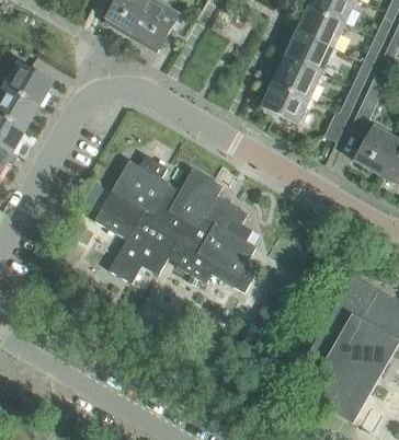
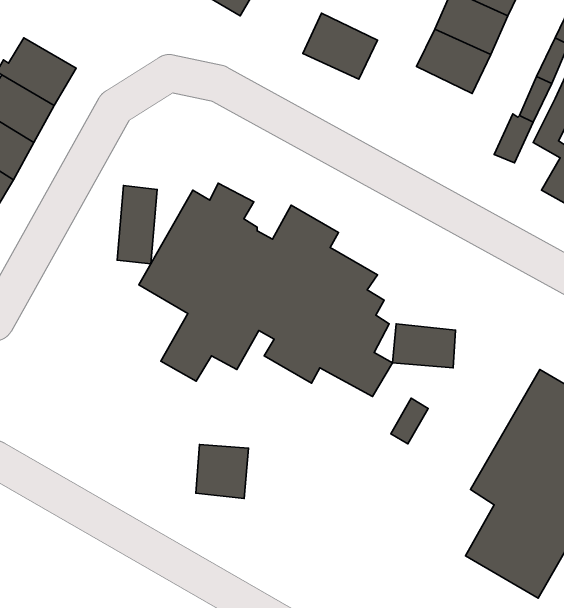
building: [261,80,309,123] -> [303,13,377,79]
building: none -> [117,186,157,264]
building: none -> [393,324,456,368]
building: none -> [196,444,249,499]

